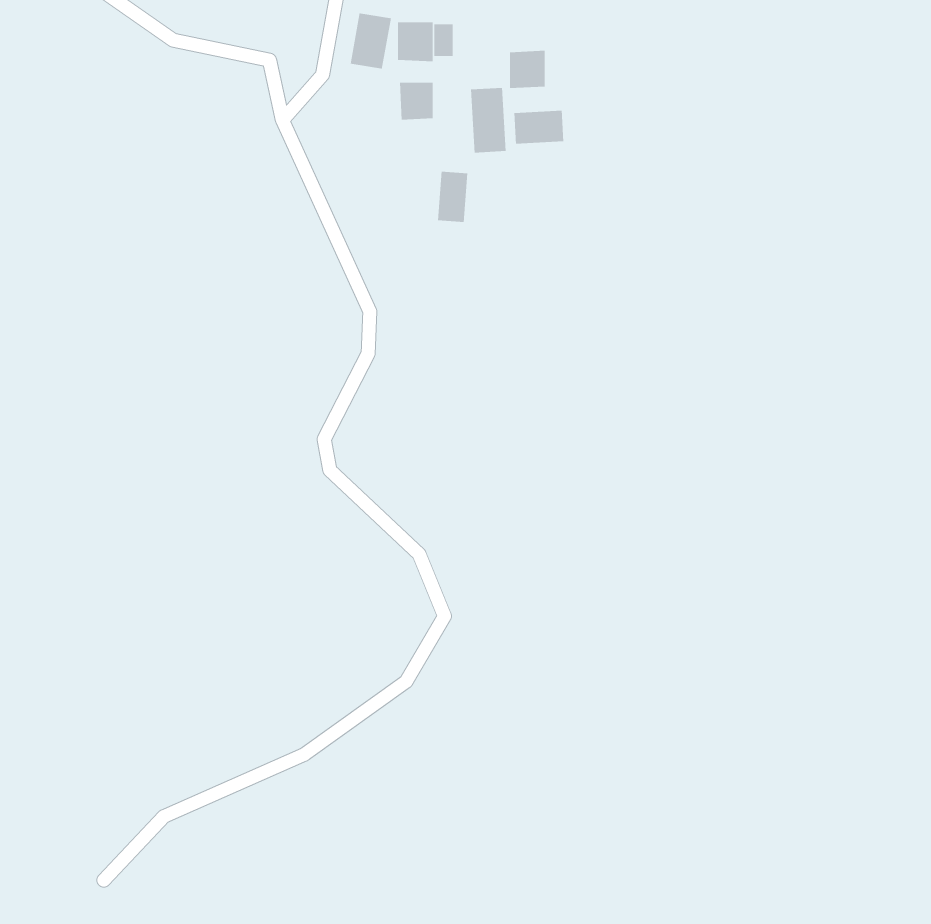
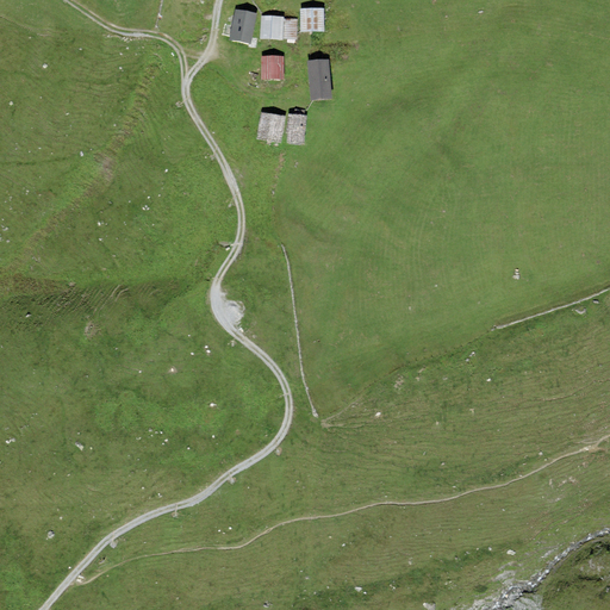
building: [509,50,545,89] -> [300,6,324,31]
building: [514,110,564,145] -> none
building: none -> [256,110,286,143]

